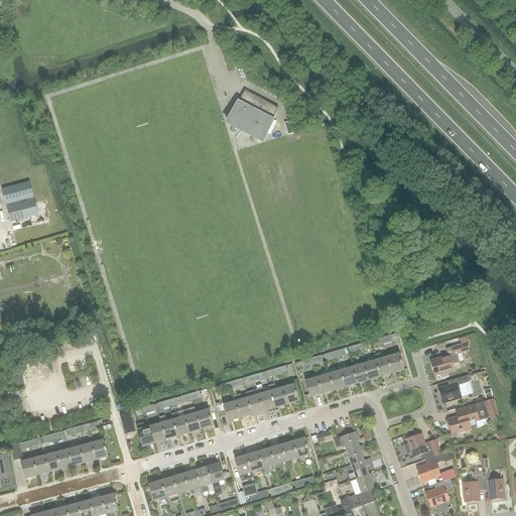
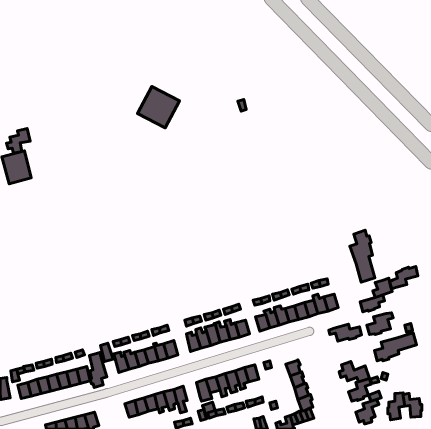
building: [228,89,278,138] -> [137,87,180,128]
building: none -> [7,128,30,153]
building: none -> [350,230,375,282]
building: none -> [390,267,418,289]
building: none -> [329,324,362,341]
building: none -> [89,352,107,388]

